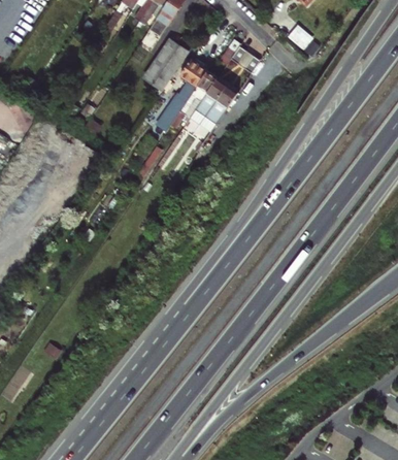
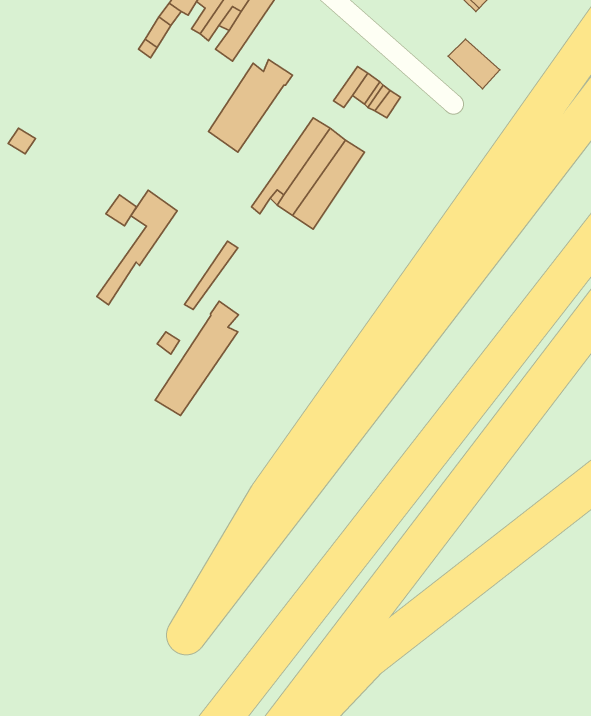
building: [158,59,206,128] -> [97,190,177,305]
building: none -> [155,301,238,416]

